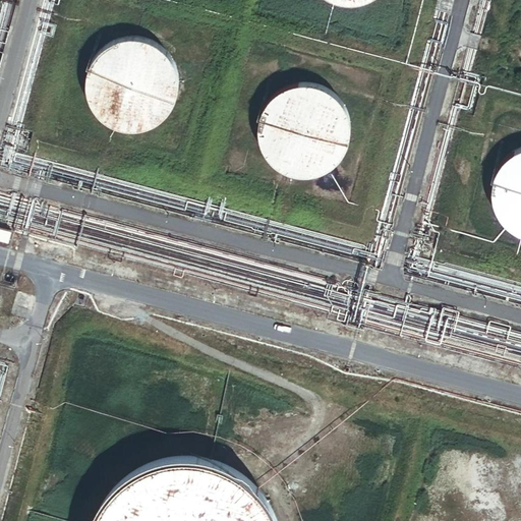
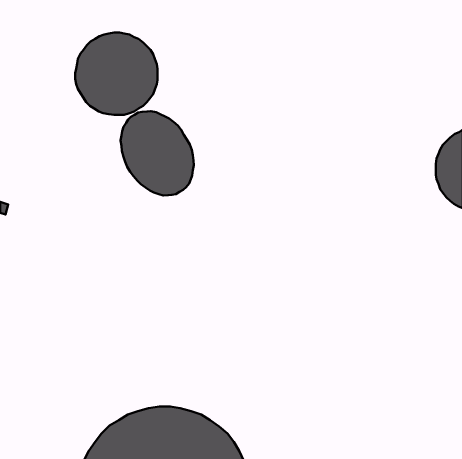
building: [258,86,351,179] -> none
building: none -> [121,111,194,195]

